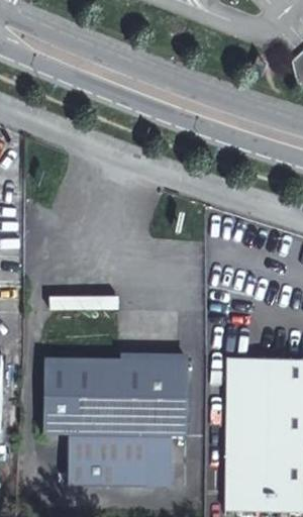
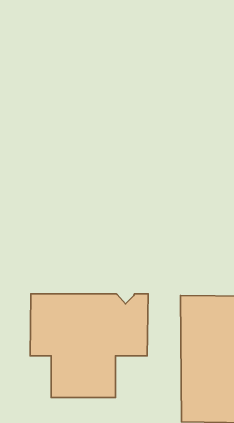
building: [146,433,171,484] -> none

